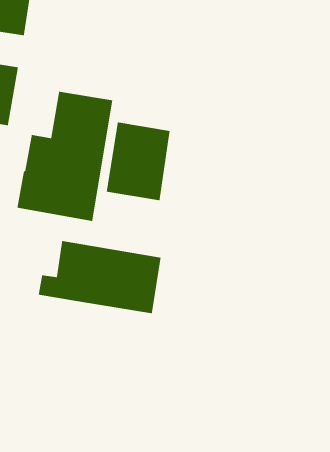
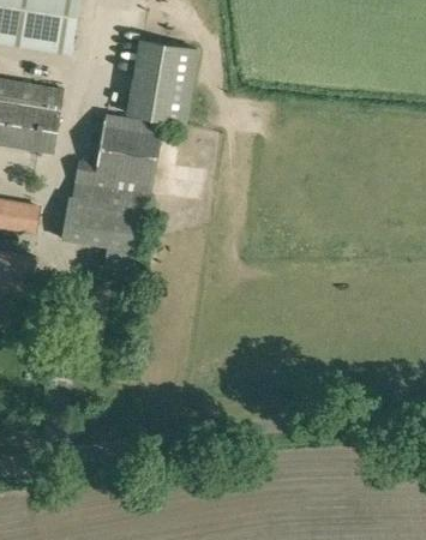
building: [106,122,171,201] -> [125,38,193,122]
building: [38,240,161,314] -> none

